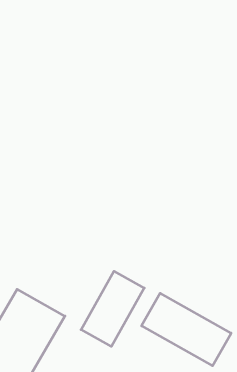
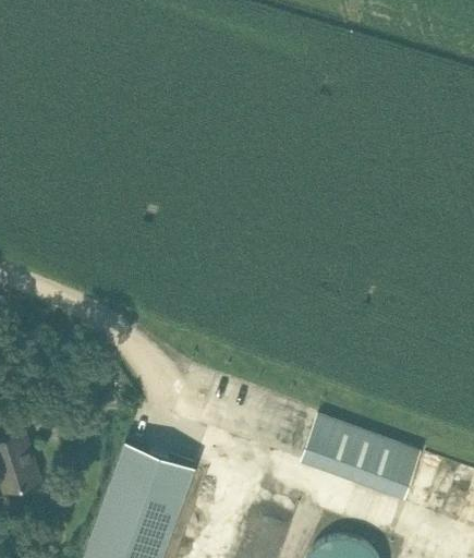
building: [81,271,144,346] -> none

